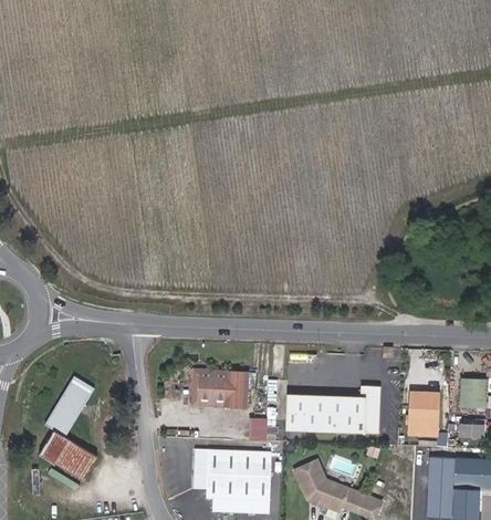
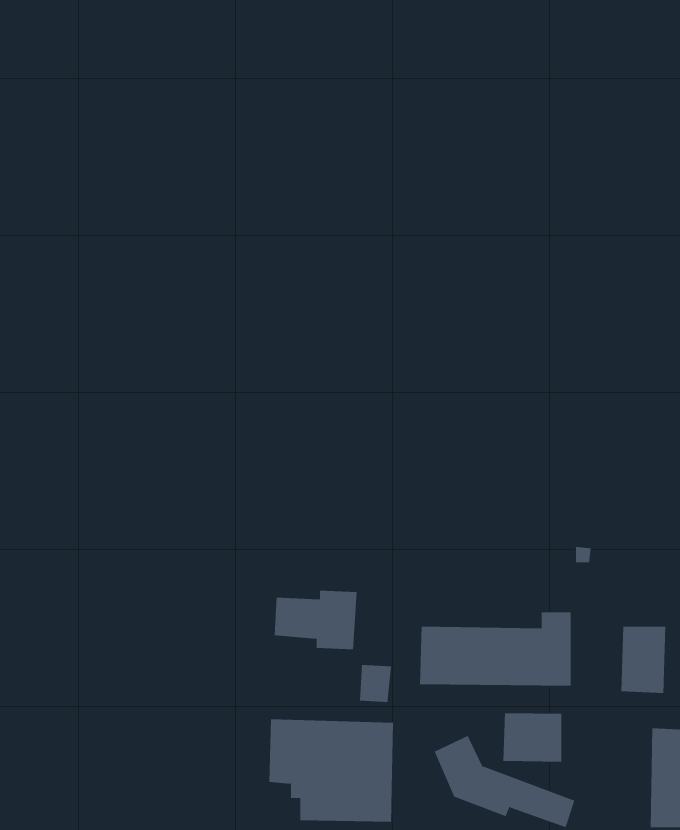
building: [192,371,226,407] -> none
building: [40,381,96,485] -> none
building: none -> [503,712,562,762]

